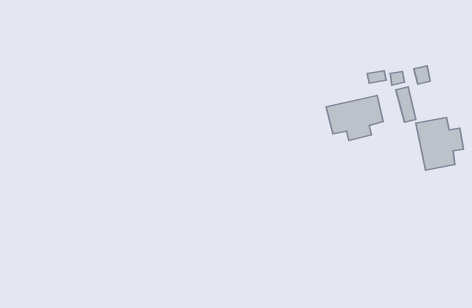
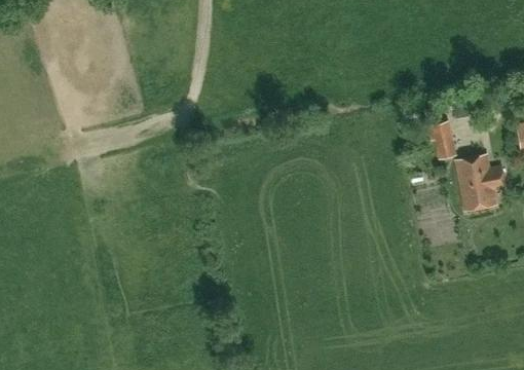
building: [326,95,383,140] -> none

